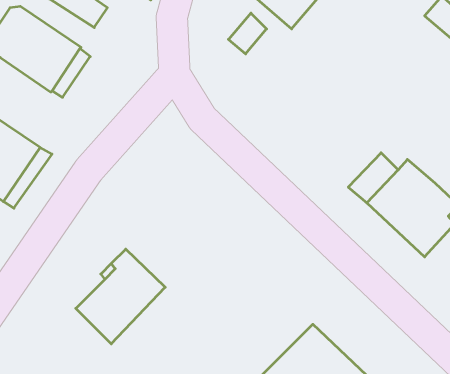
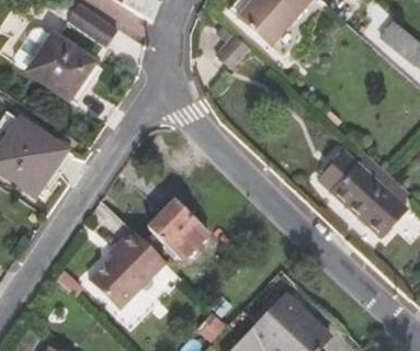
building: none -> [149,200,211,260]

